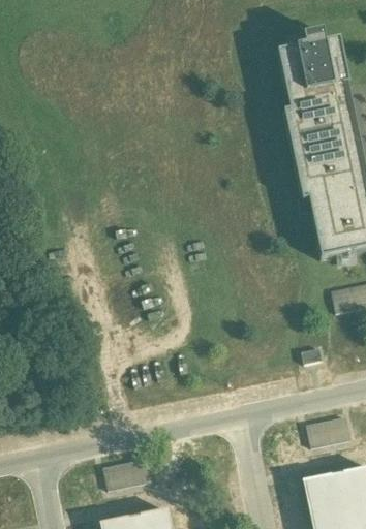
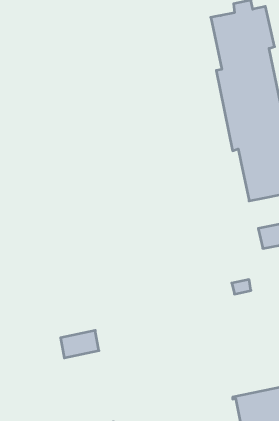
building: [306,417,349,448] -> none
building: [103,460,147,491] -> [61,330,99,358]

